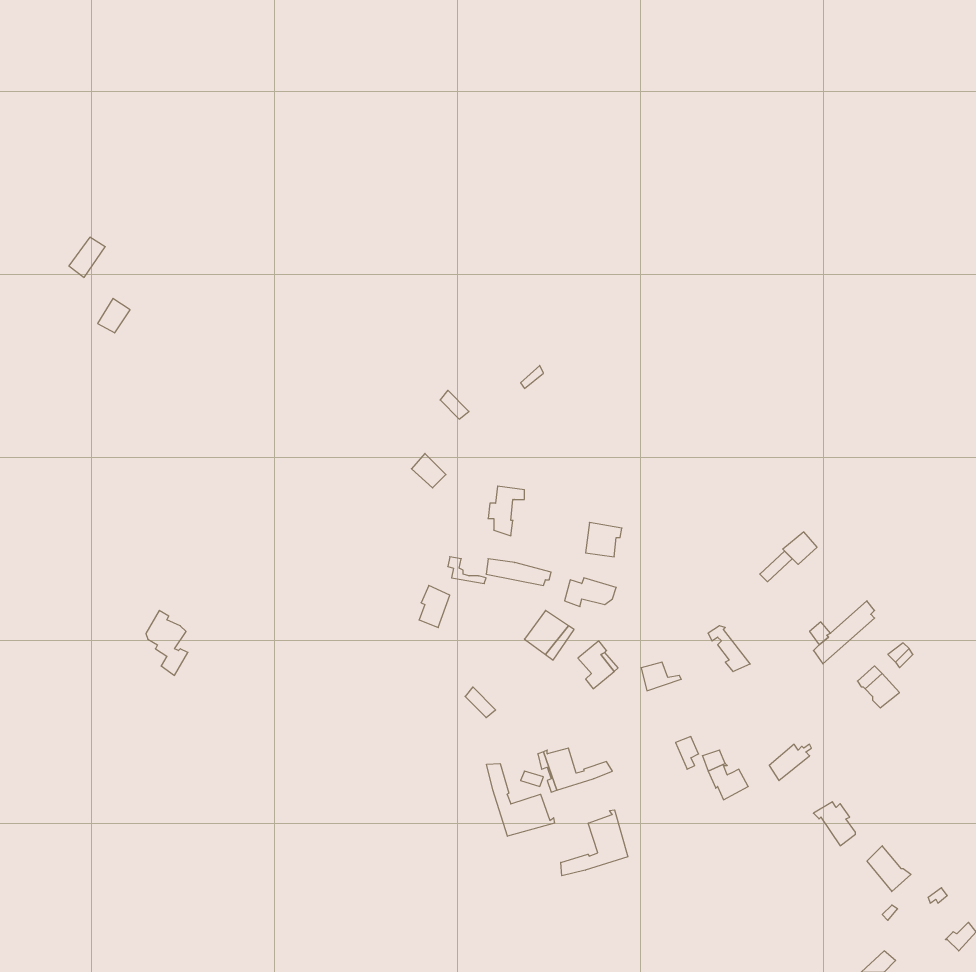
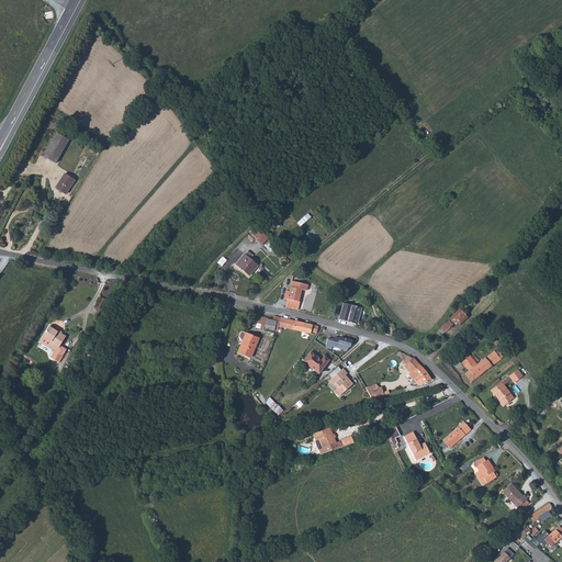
building: [146,610,188,675] -> [43,327,67,364]
building: [487,764,555,836] -> none
building: [561,810,628,876] -> none

